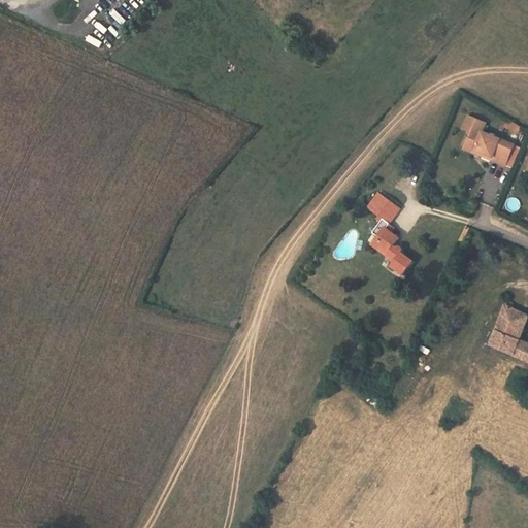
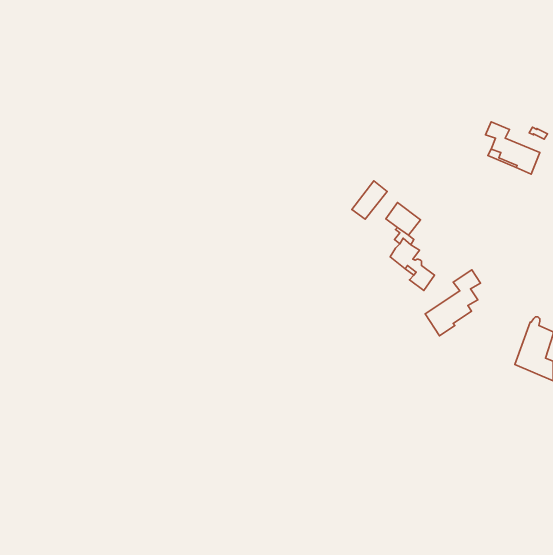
building: none -> [352,181,387,219]
building: none -> [425,270,481,336]

